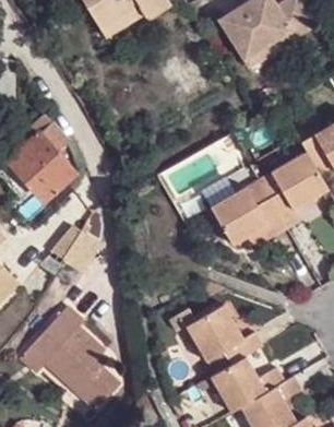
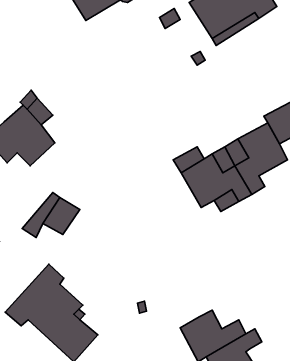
building: [168,304,262,364] -> none

